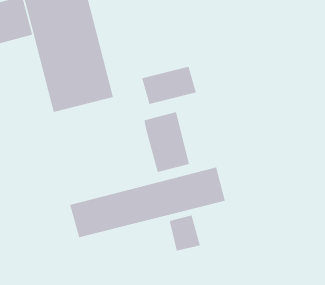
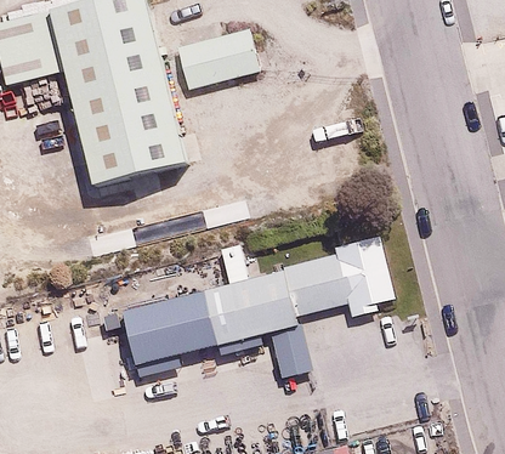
building: [141,66,197,105] -> [176,34,256,90]
building: [144,111,190,173] -> [330,234,397,323]

